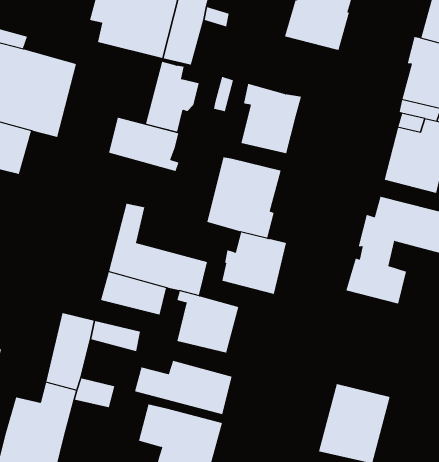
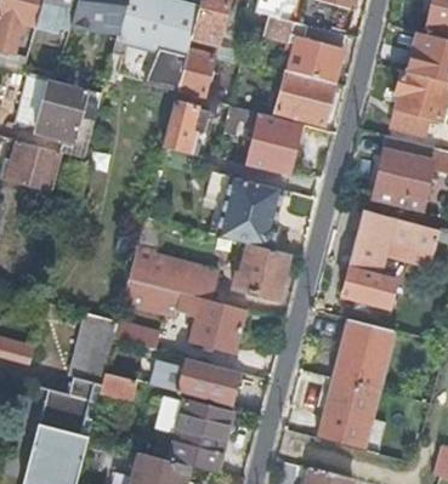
building: none -> [276,70,334,125]
building: [108,117,179,172] -> none
building: none -> [331,319,395,391]

